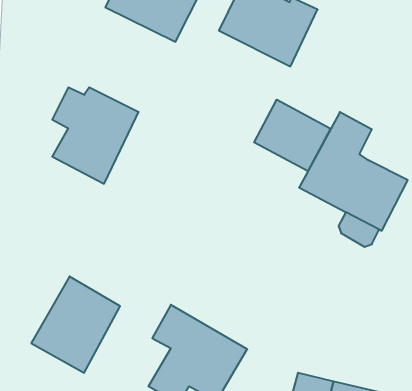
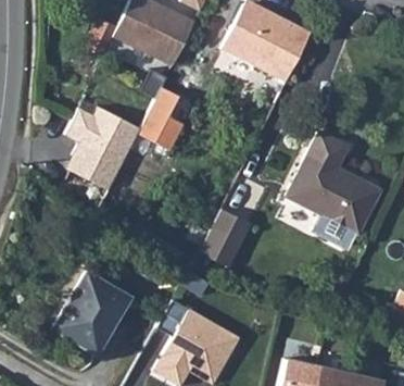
building: none -> [141,87,187,150]
building: [254,100,330,171] -> none
building: none -> [199,209,250,267]

